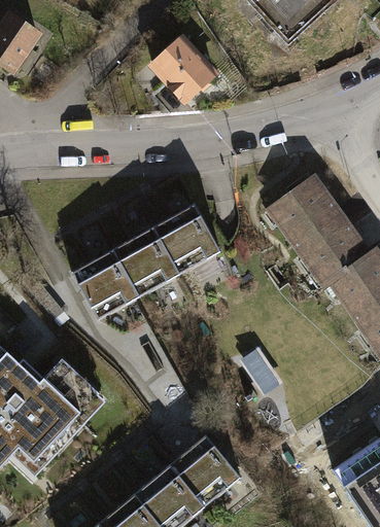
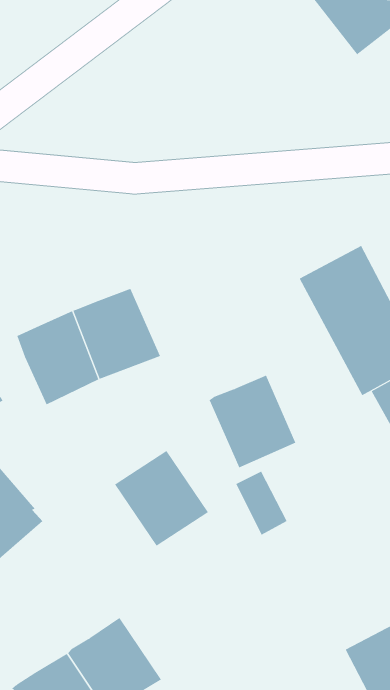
building: [149,34,216,102] -> none
building: [151,205,217,274] -> [209,375,296,468]
building: [170,435,240,505] -> [114,450,209,547]

